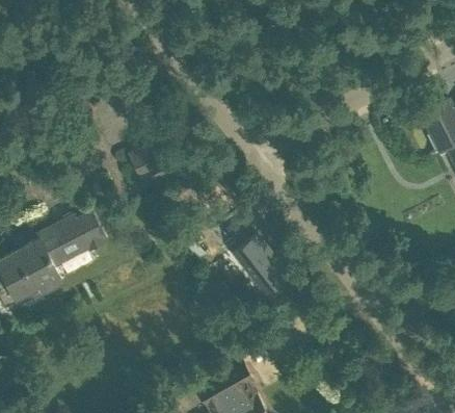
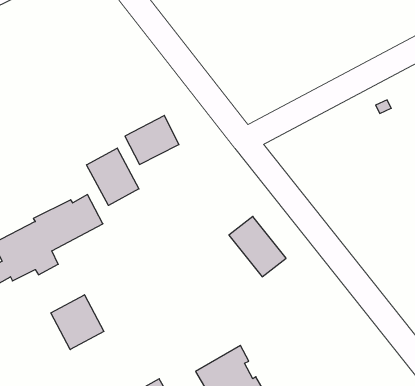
building: none -> [87,148,139,205]
building: none -> [51,295,104,350]

